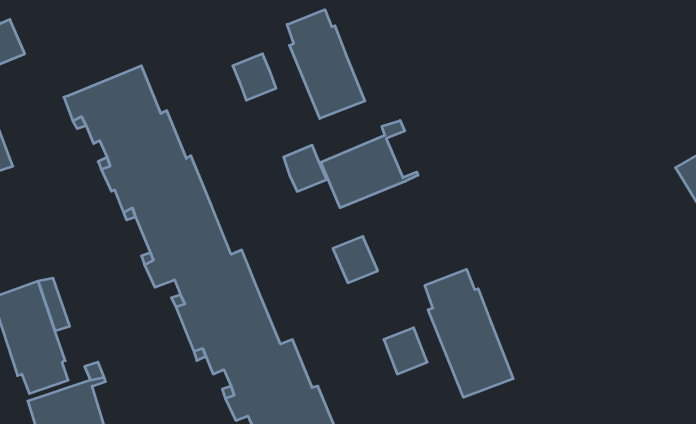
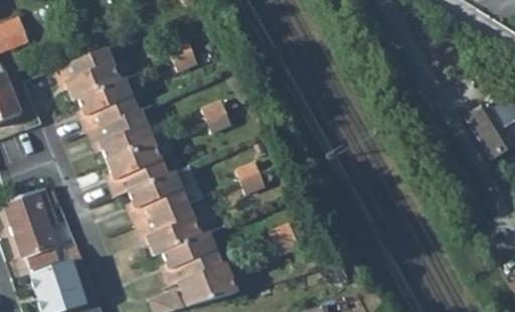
building: [287,10,365,119] -> none
building: [321,120,418,208] -> none
building: [425,269,513,397] -> none

